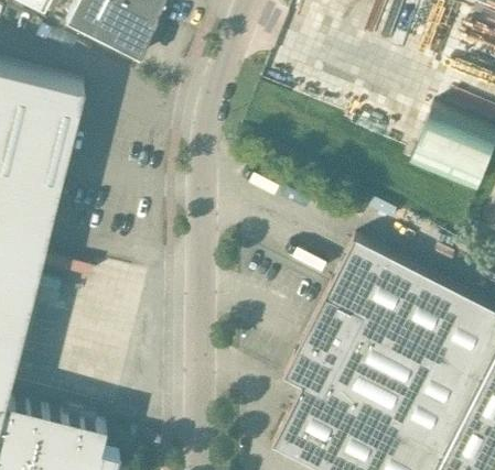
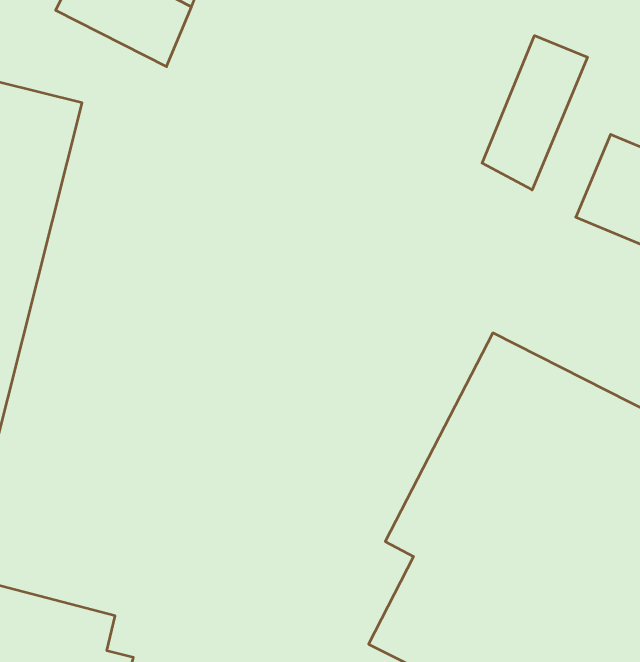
building: none -> [482,36,587,190]

